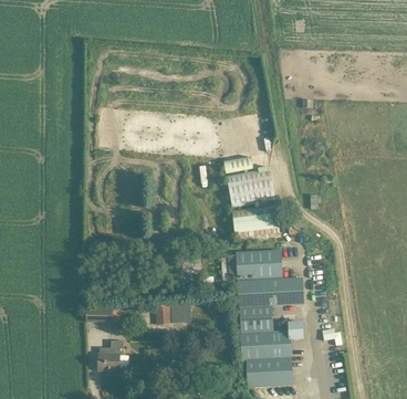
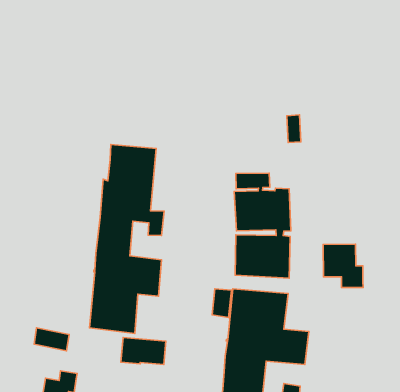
building: none -> [90,144,164,334]
building: none -> [323,244,363,288]

